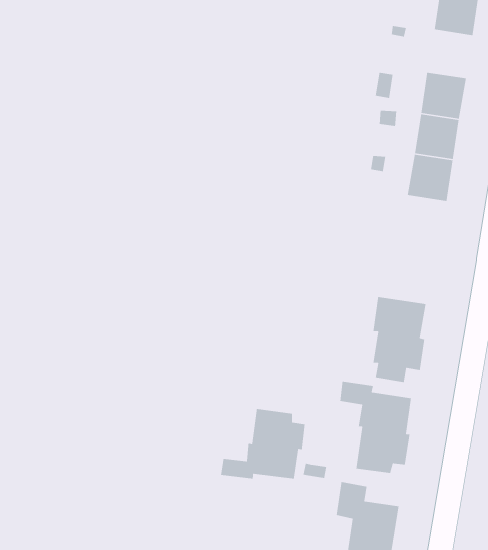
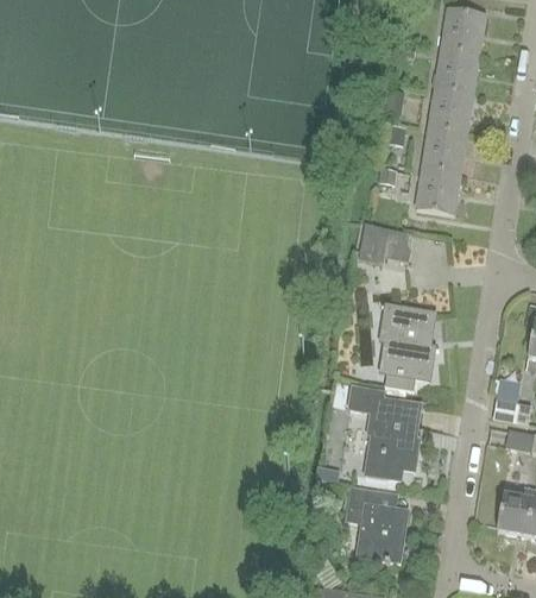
building: none -> [434,45,479,92]
building: none -> [358,221,412,260]
building: [220,408,306,480] -> none

